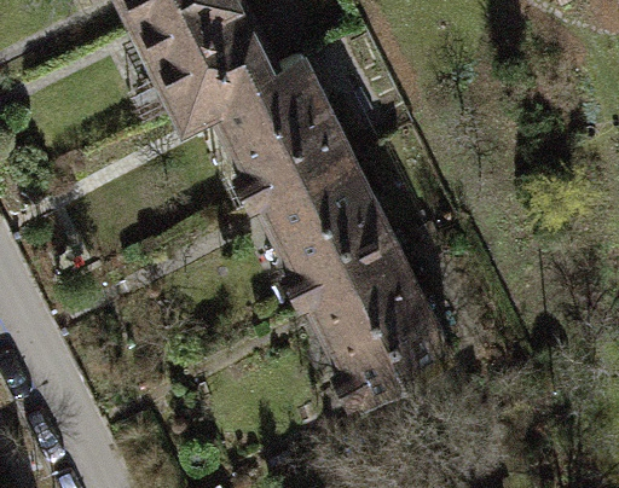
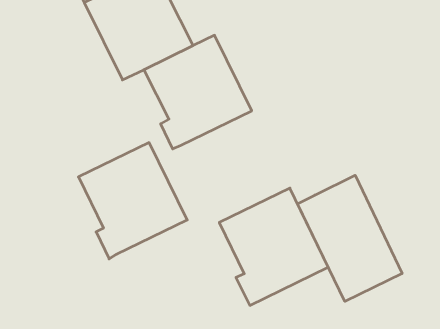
building: [260,158,401,309] -> [78,143,187,259]
building: none -> [298,175,402,301]

